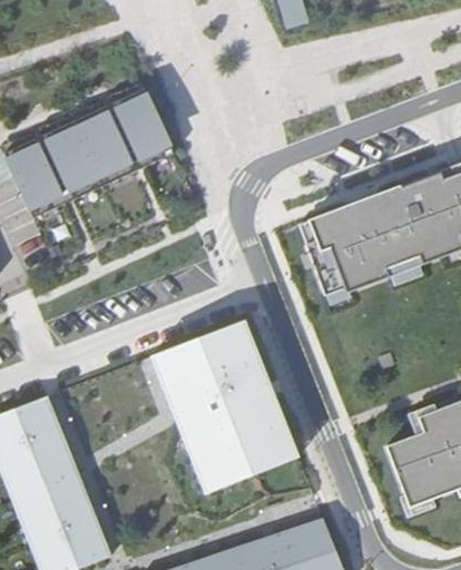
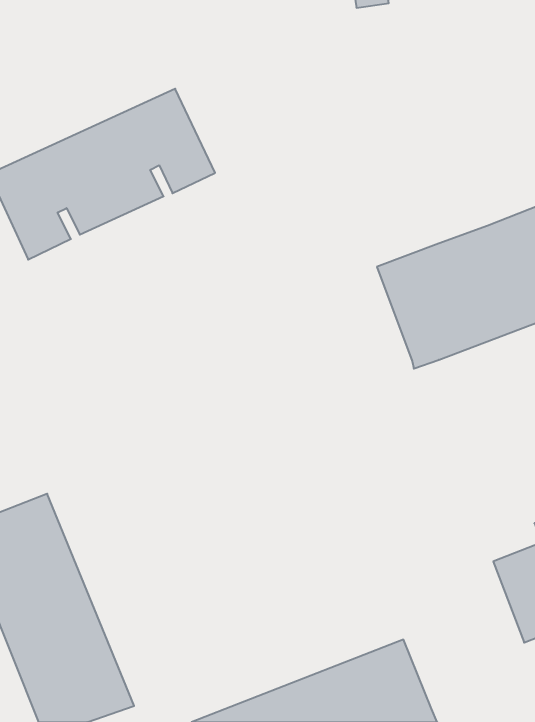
building: [149,321,298,494] -> none

